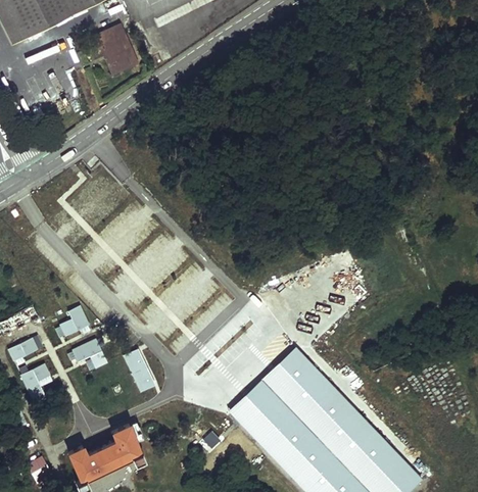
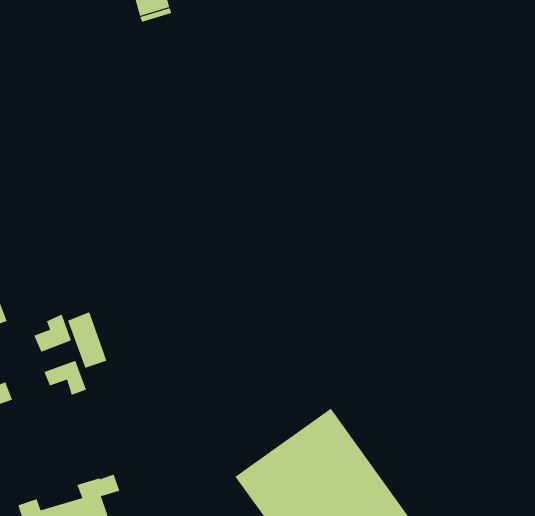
building: [123,347,157,391] -> [67,311,107,368]

